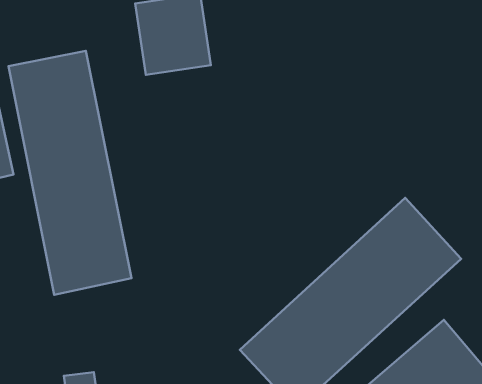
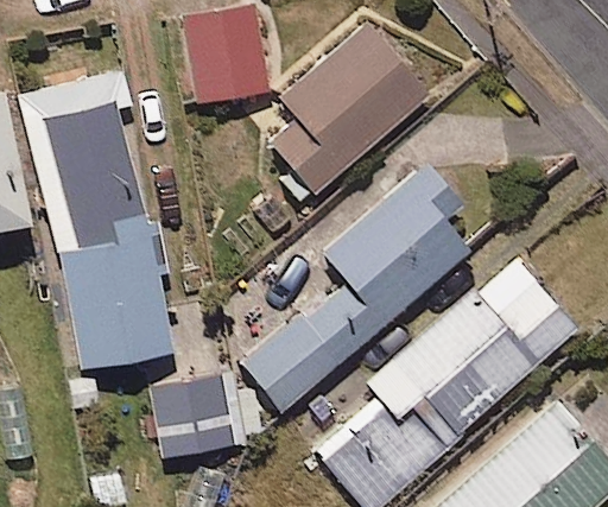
building: none -> [272,24,431,192]
building: none -> [242,163,469,413]
building: none -> [153,379,233,457]

